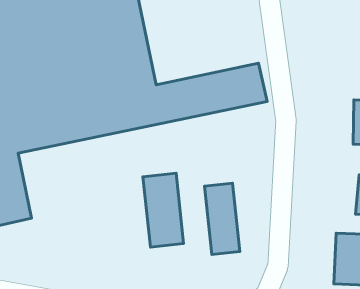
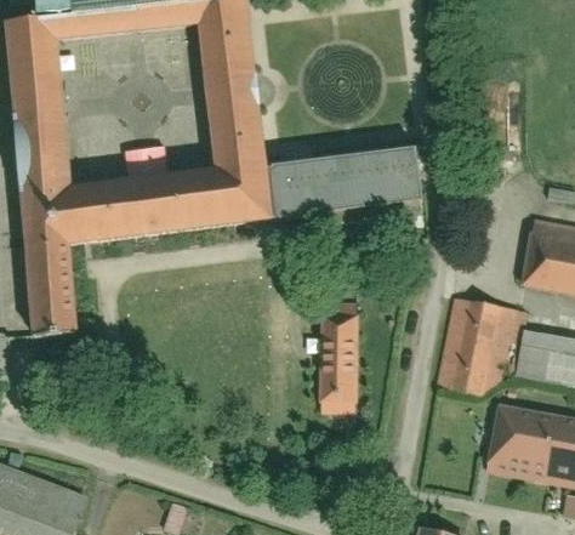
building: none -> [437,294,524,391]
building: [143,173,184,247] -> none

